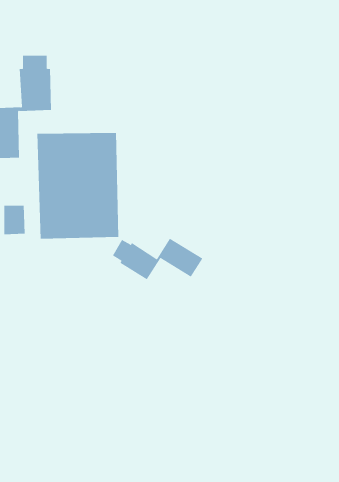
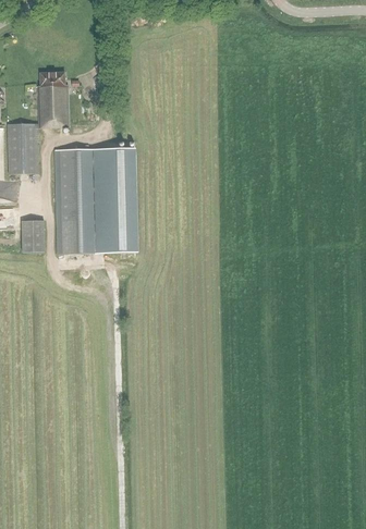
building: [112,238,203,280] -> none

